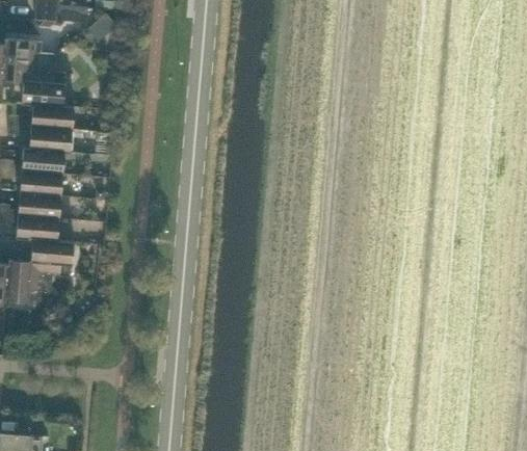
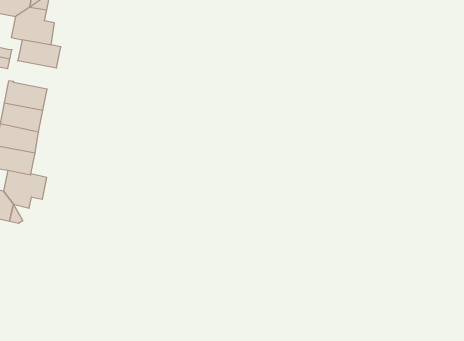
building: [28,128,71,155] -> none

